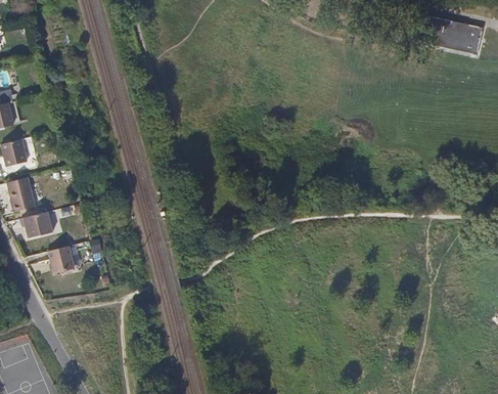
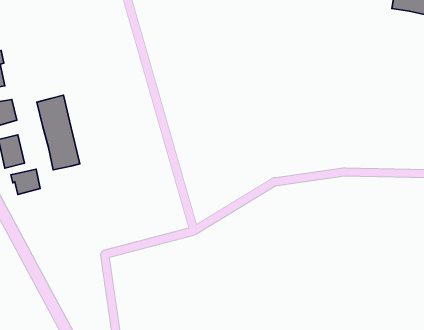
building: none -> [37,95,80,170]
building: [47,246,74,273] -> none

